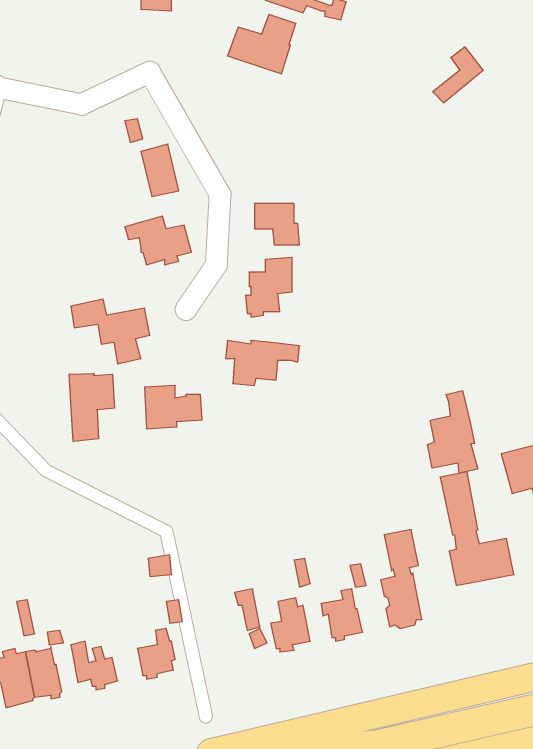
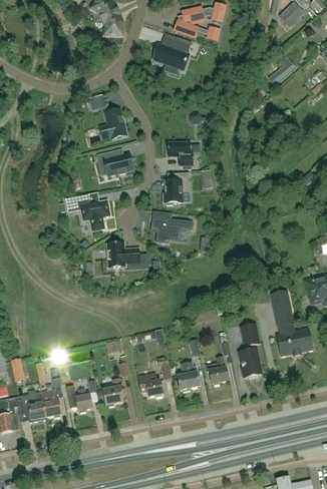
building: [69,373,114,442] -> none
building: [427,391,478,473] -> none
building: none -> [137,373,161,397]

